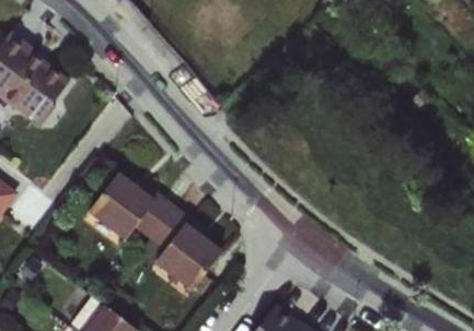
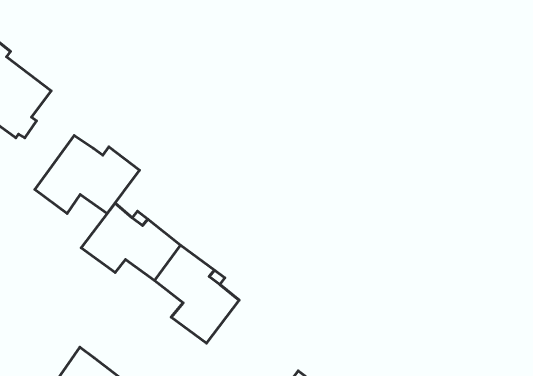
building: none -> [35,136,140,214]

